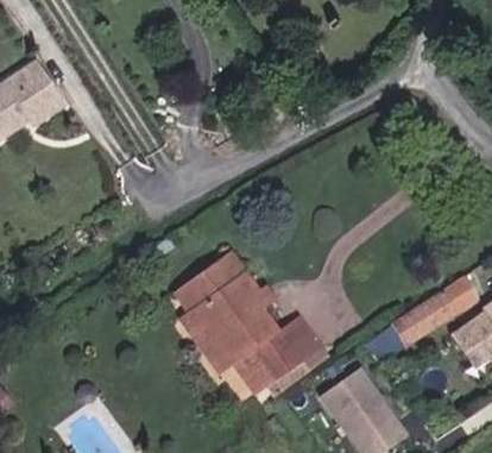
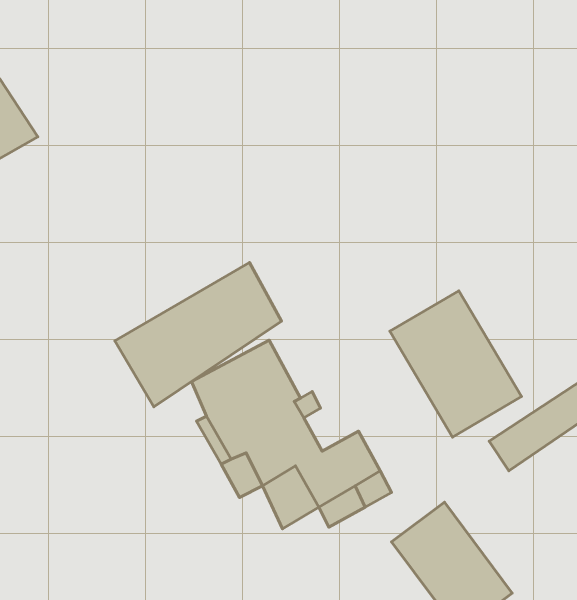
building: none -> [115,262,282,407]
building: none -> [390,291,521,437]

